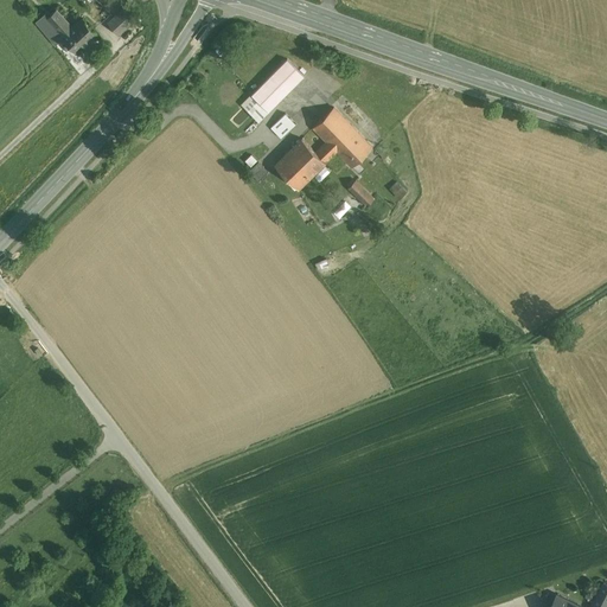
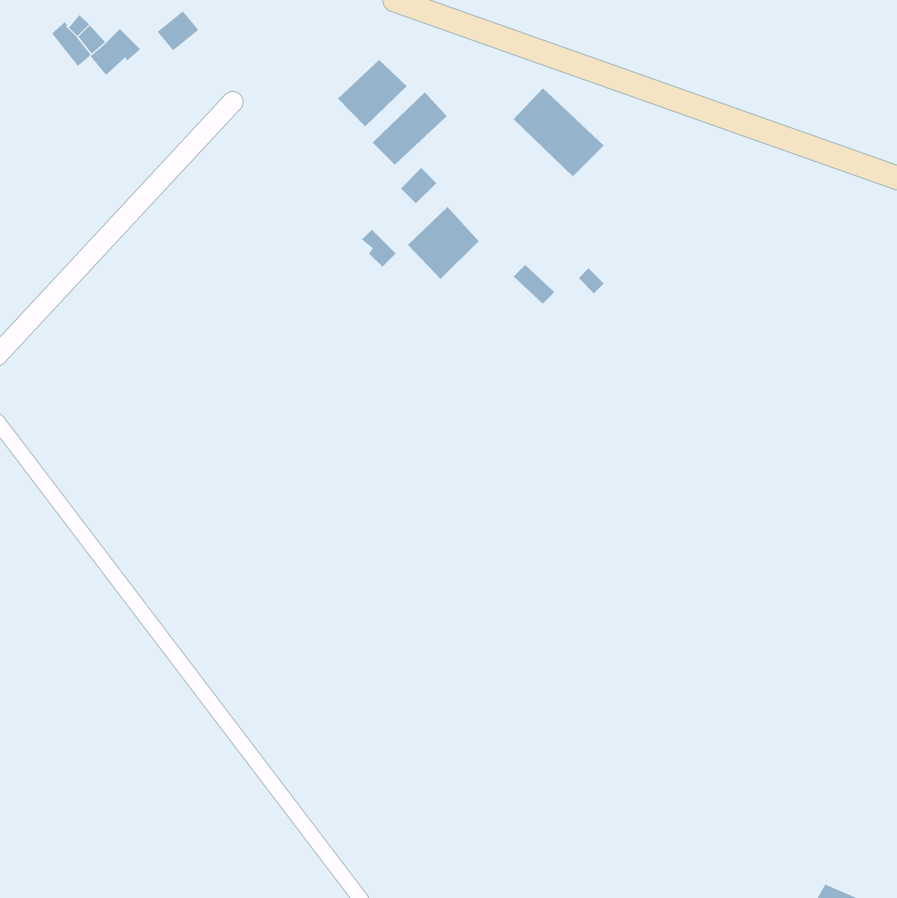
building: none -> [337,59,407,127]
building: [312,109,373,170] -> [513,87,605,177]

